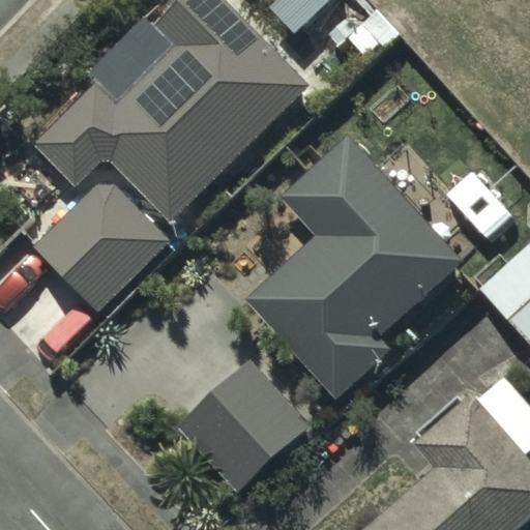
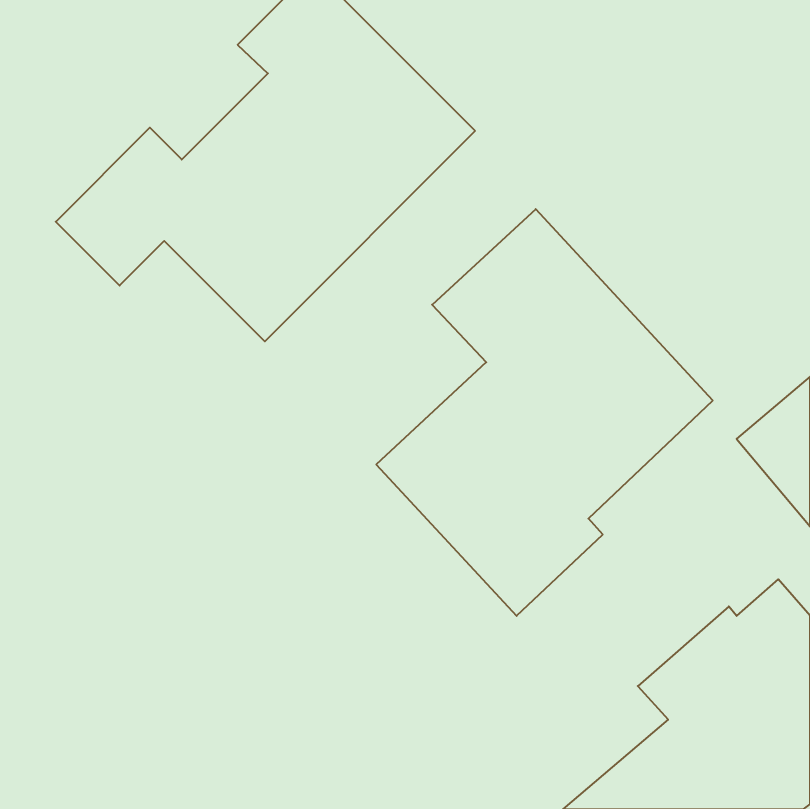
building: [11,175,169,320] -> none
building: [179,360,311,491] -> none

